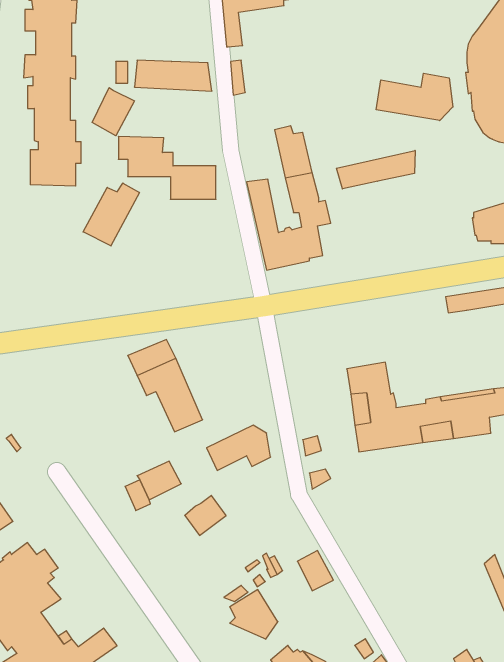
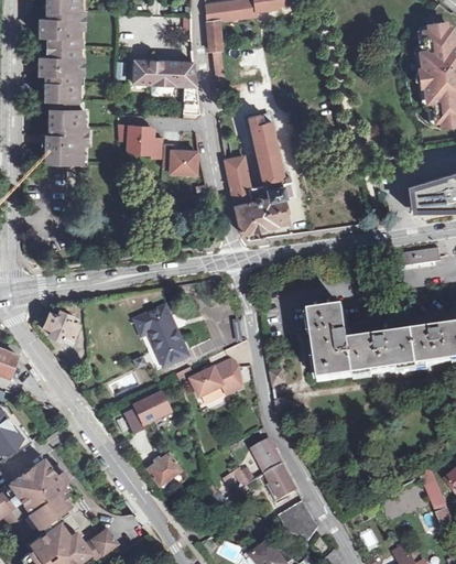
building: [376,73,453,121] -> none
building: [92,88,134,136] -> none
building: [336,150,415,189] -> none
building: [83,183,139,246] -> none
building: none -> [44,310,79,343]
building: [185,495,226,535] -> [148,452,182,485]
building: none -> [253,438,283,473]
building: [230,590,278,639] -> [280,500,319,541]

